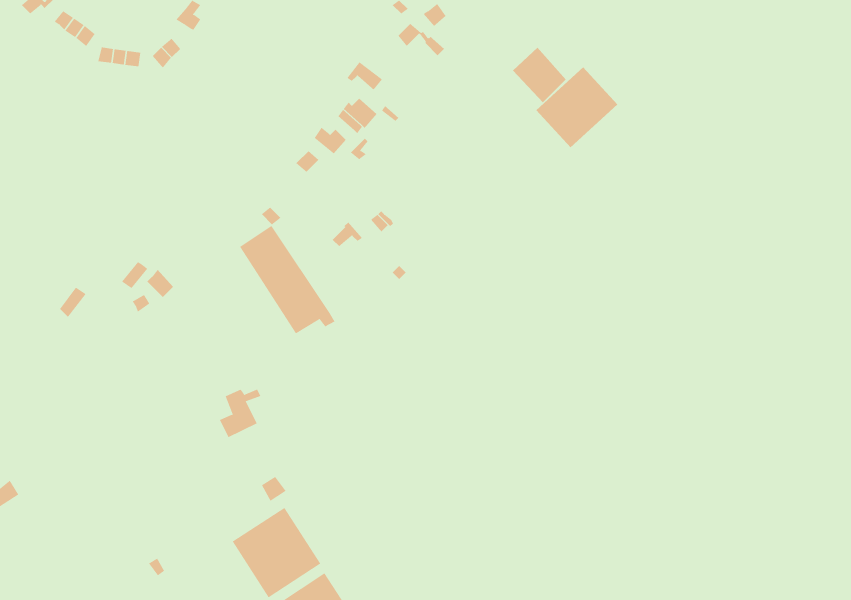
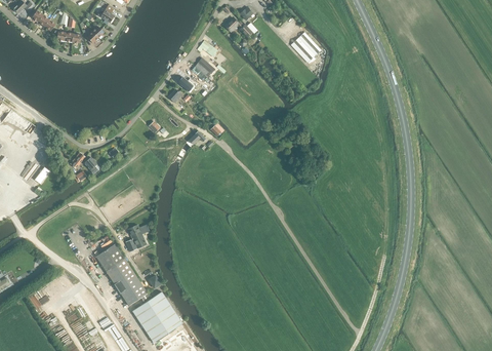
building: [535,66,618,148] -> none
building: [239,225,336,334] -> [96,244,151,306]

